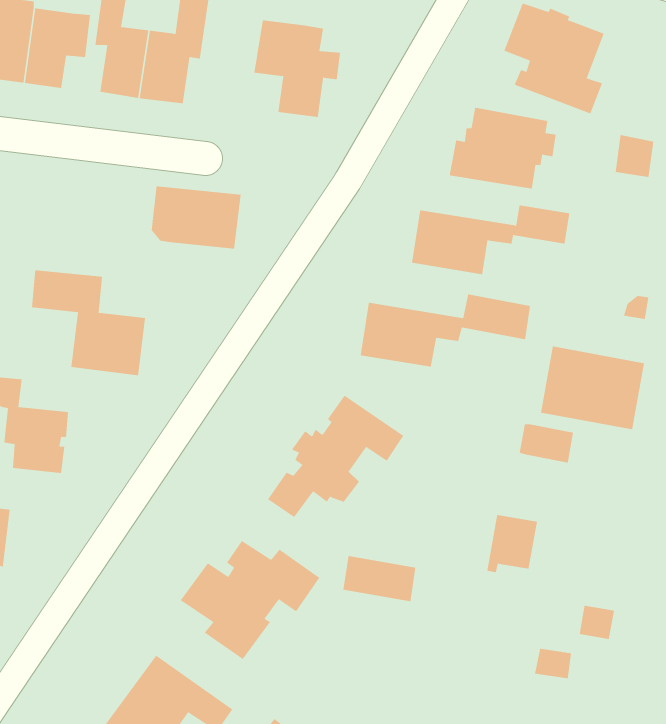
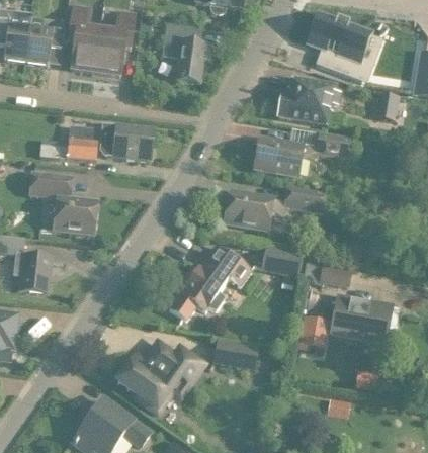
building: none -> [66,142,97,161]
building: [540,346,645,430] -> [330,294,392,344]
building: none -> [262,248,302,275]

